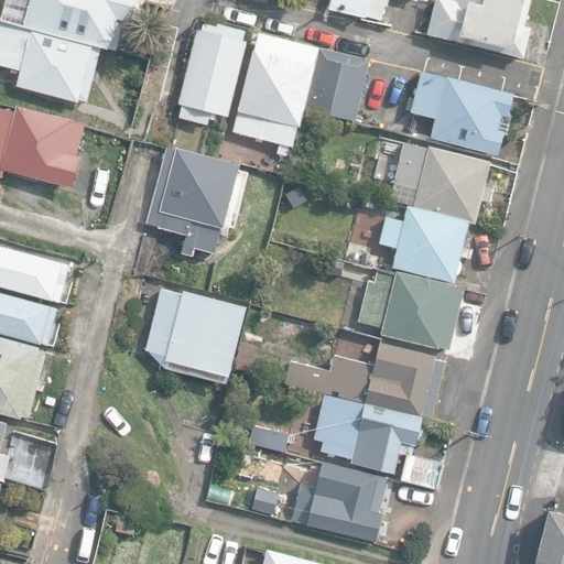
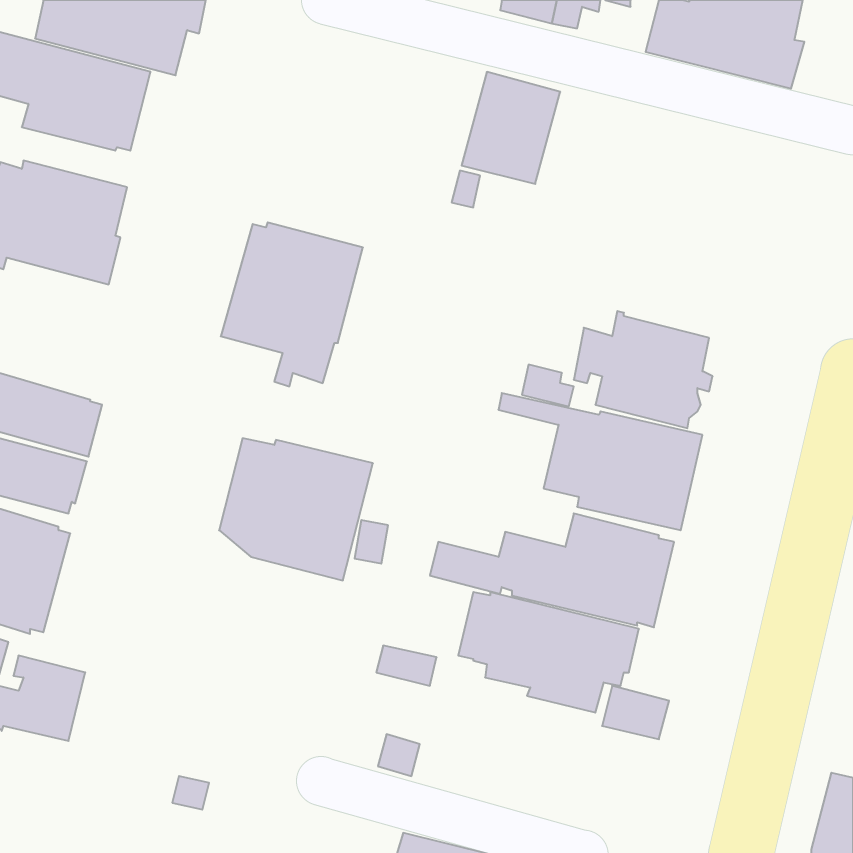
building: [177,23,247,126] -> none
building: [231,33,318,148] -> none
building: [411,72,513,156] -> none
building: [392,142,492,225] -> none
building: [290,462,386,543] -> none

